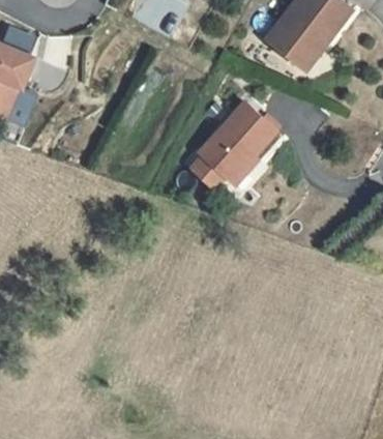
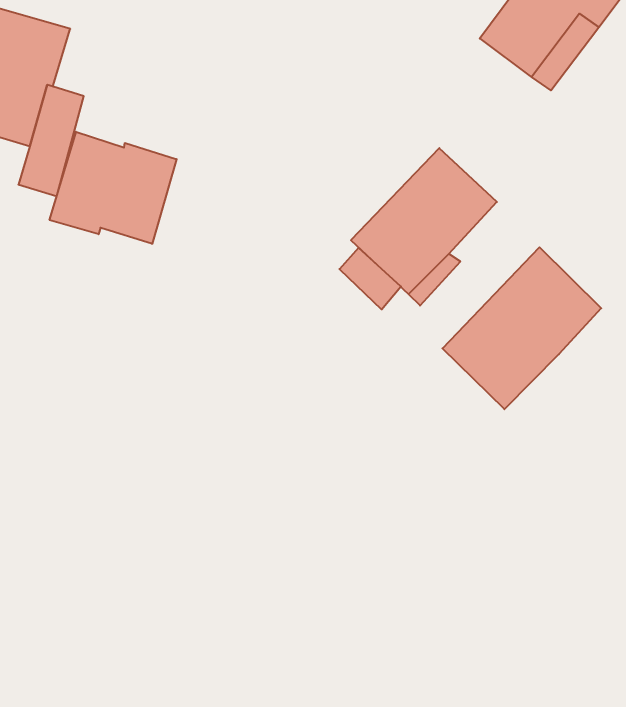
building: none -> [50,132,177,244]
building: none -> [442,247,601,409]

